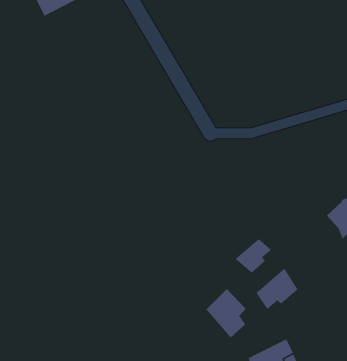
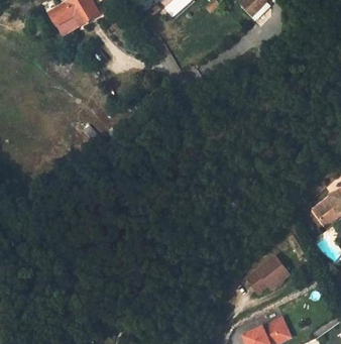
building: [234,238,272,273] -> none
building: [205,288,247,338] -> none

